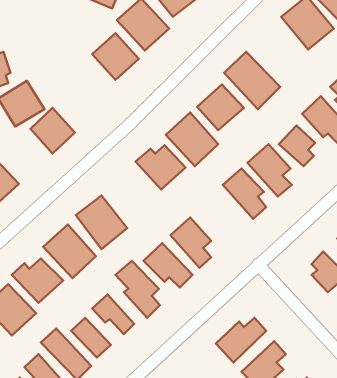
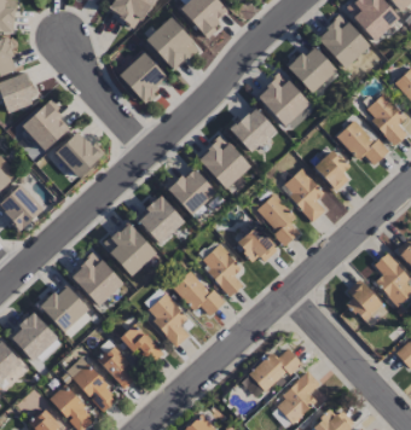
building: none -> [286,43,337,93]
building: none -> [135,196,185,245]
building: none -> [237,226,279,267]

